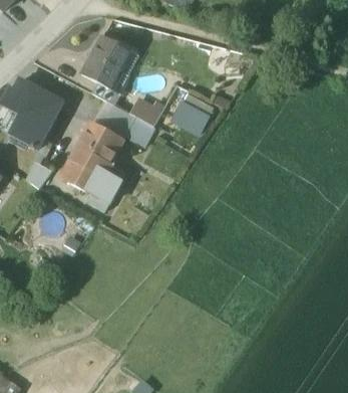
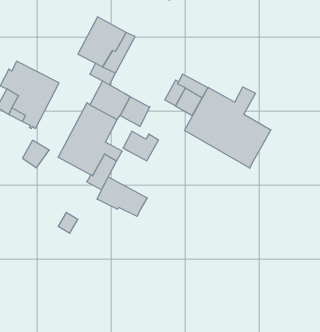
building: [128,95,164,126] -> [123,131,159,161]
building: none -> [184,87,271,168]
building: none -> [97,177,147,216]

